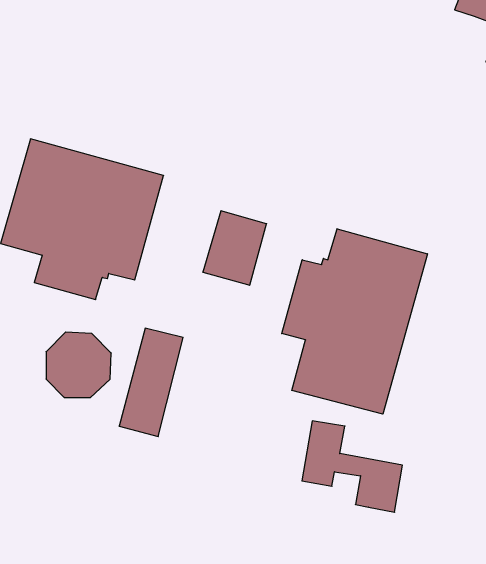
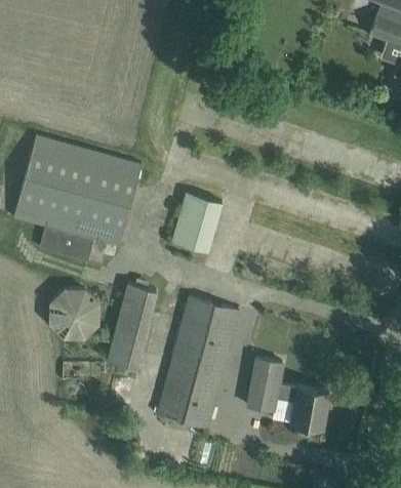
building: [282,229,427,414] -> none
building: none -> [157,298,237,429]

